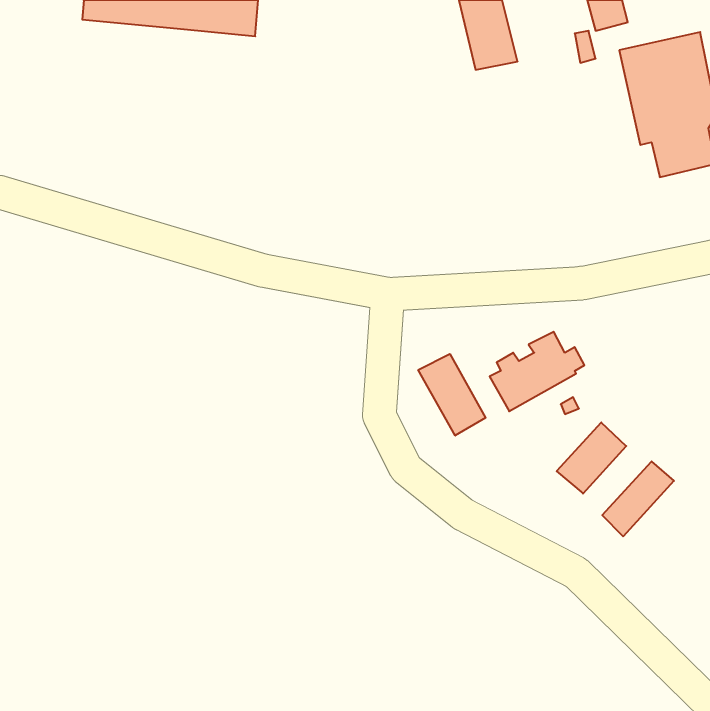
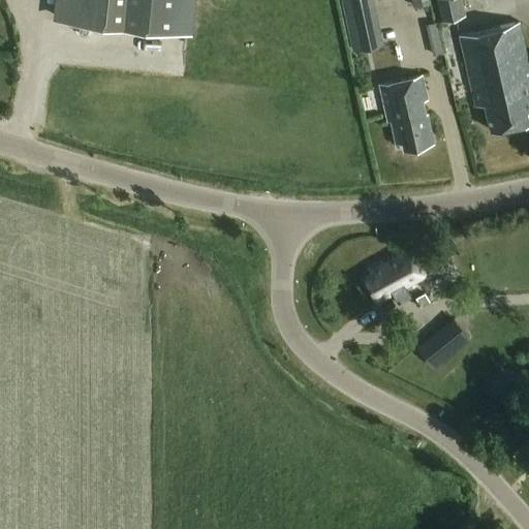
building: none -> [380,77,435,152]
building: [418,354,486,436] -> none
building: [602,461,674,536] -> none

